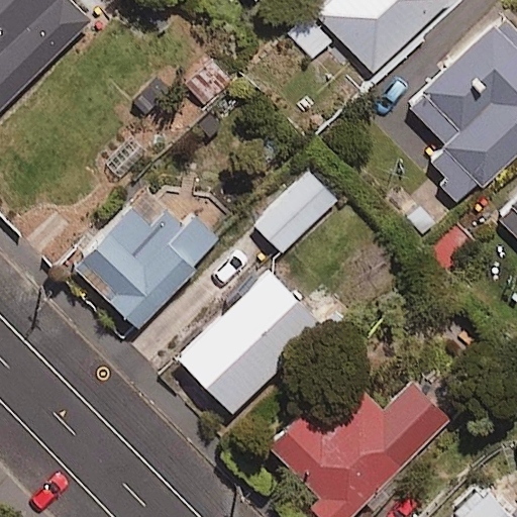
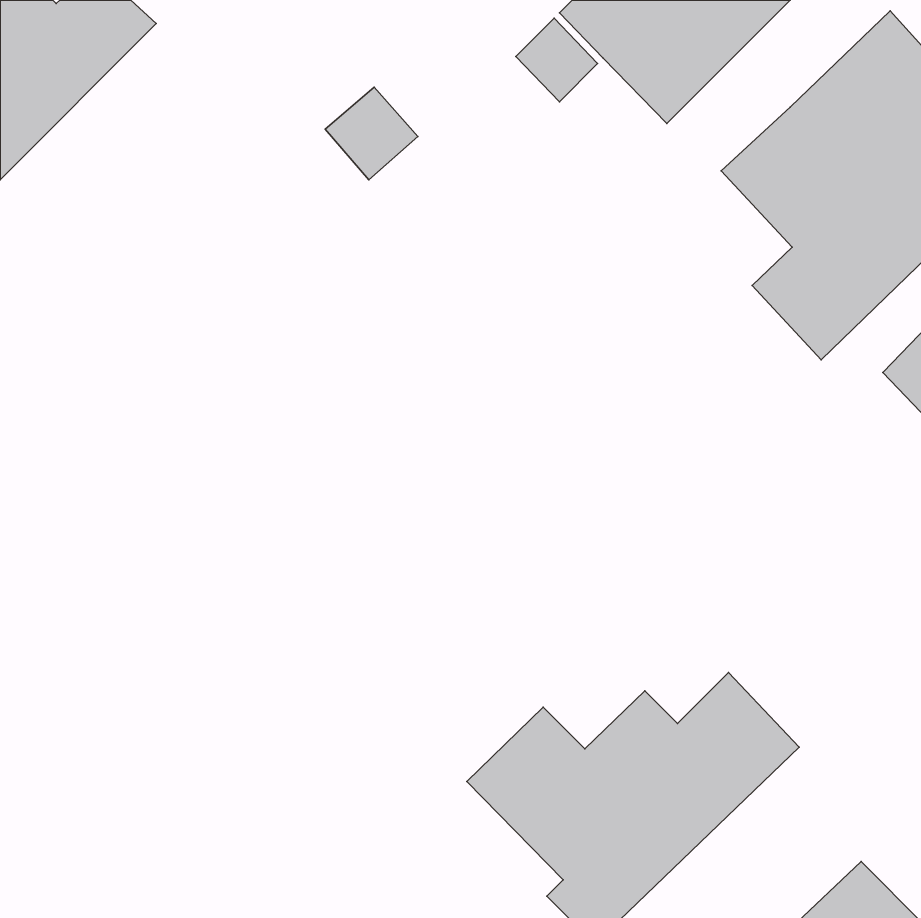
building: [253,170,336,254] -> none
building: [81,203,219,326] -> none
building: [177,267,326,414] -> none

